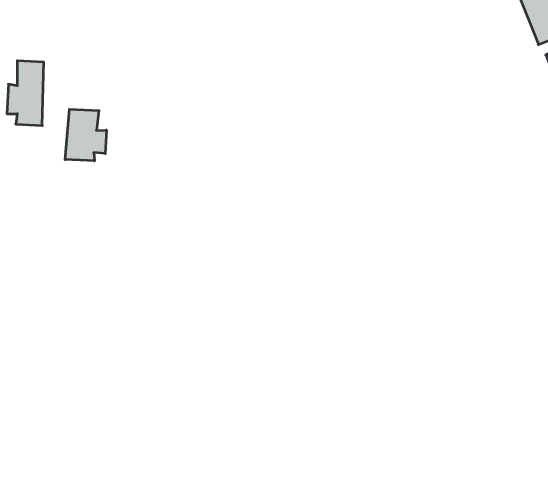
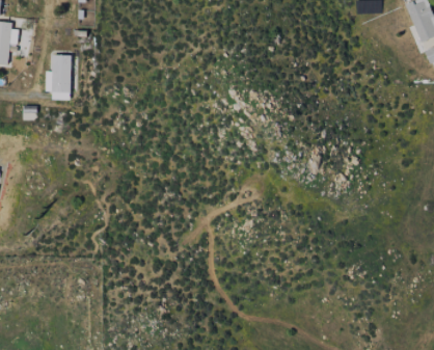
building: [65,109,106,161] -> none

